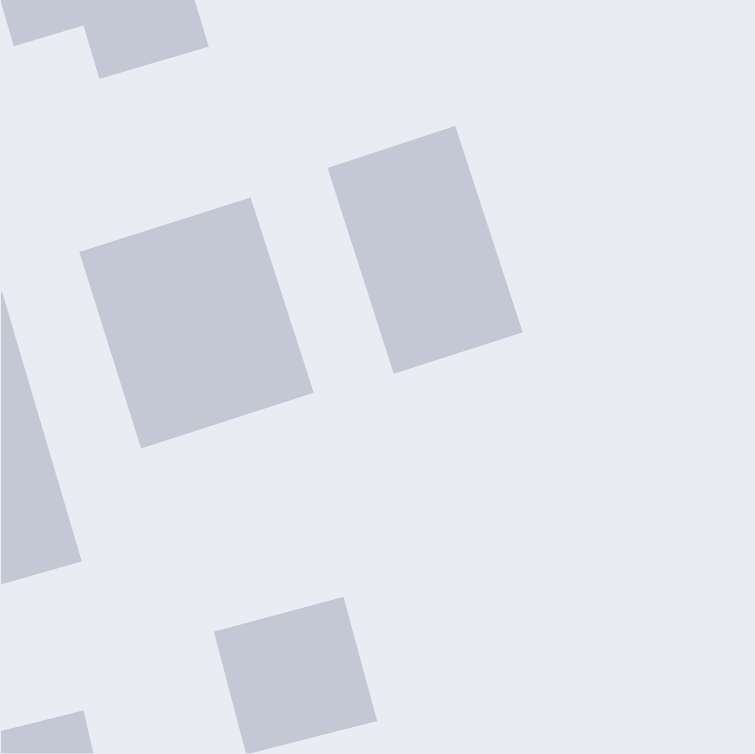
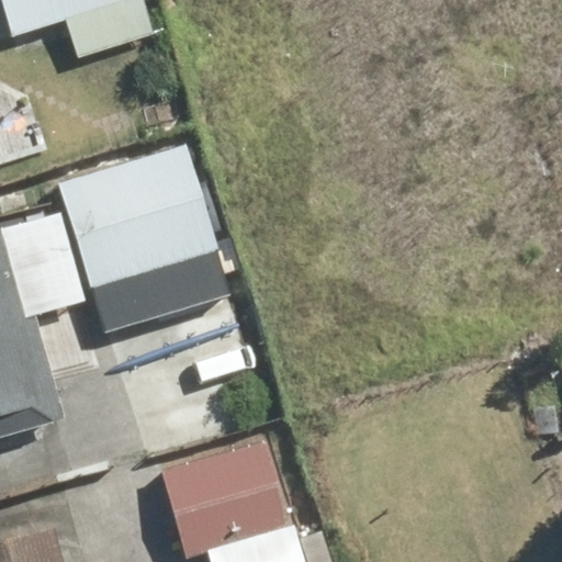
building: [326,125,524,375] -> none

